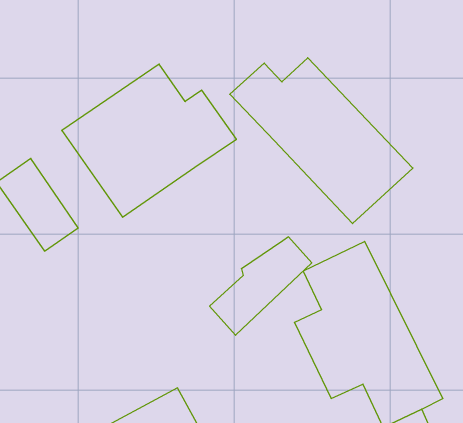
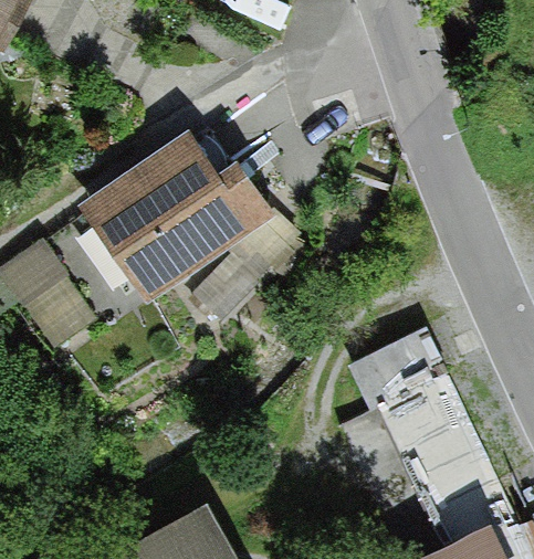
building: [230,58,413,224] -> none
building: [210,237,312,335] -> [190,212,307,325]

